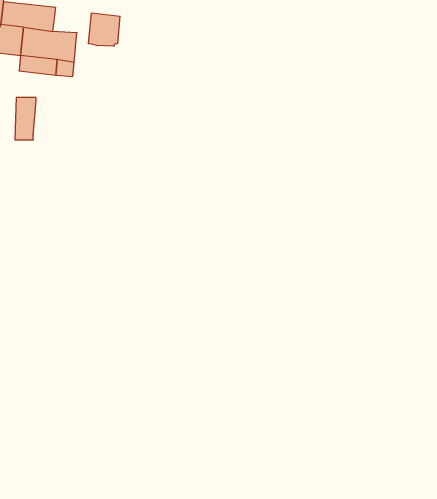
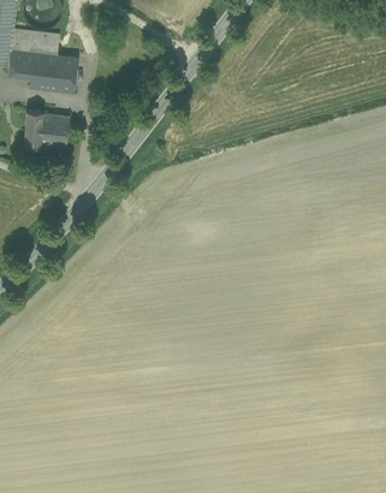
building: [88,13,120,46] -> none
building: none -> [40,114,69,147]

